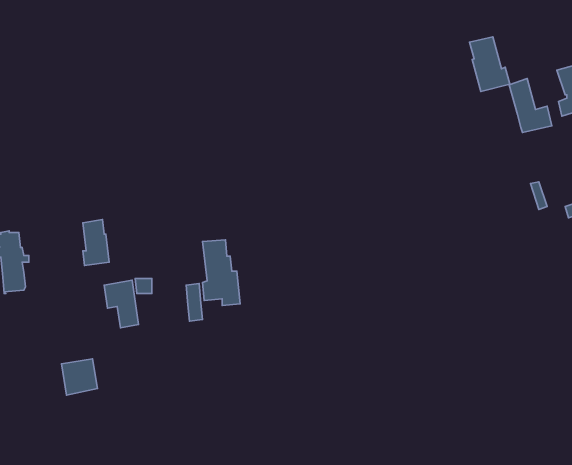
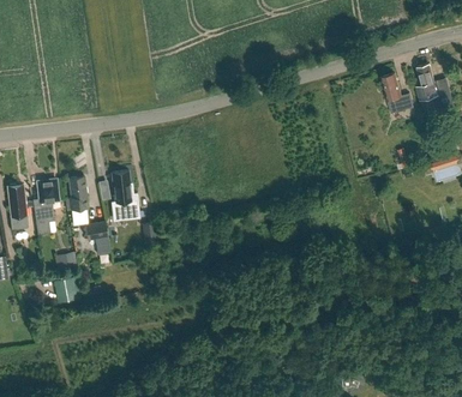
building: [469,37,510,91] -> none
building: none -> [34,181,59,235]
building: [202,240,240,305] -> [112,173,139,221]

